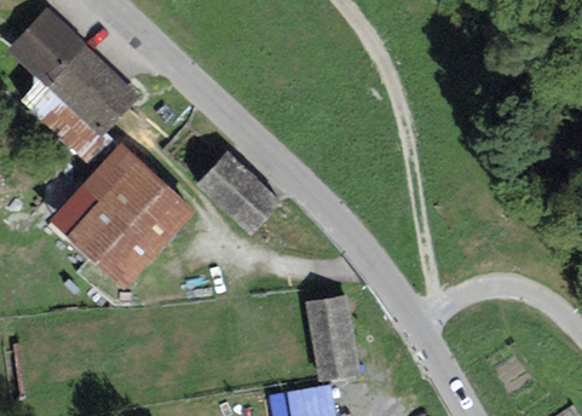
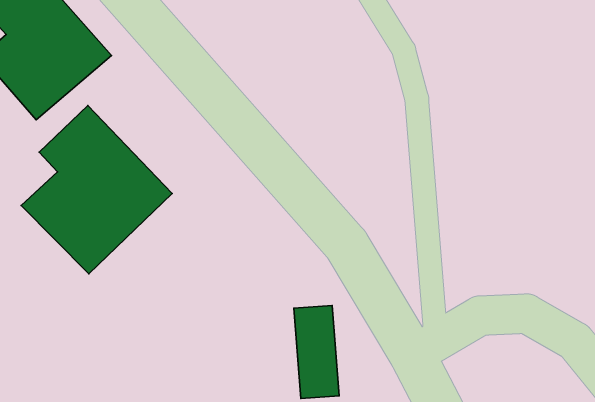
building: [195,150,281,236] -> none

